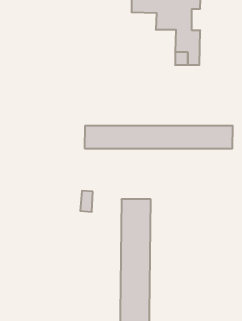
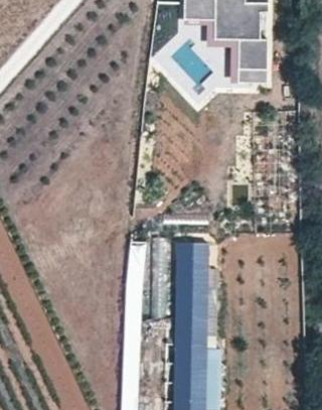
building: [85,126,233,149] -> none

